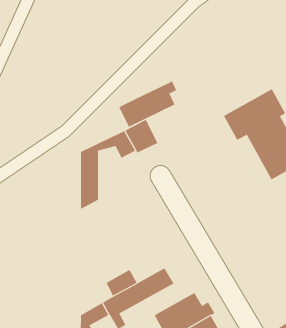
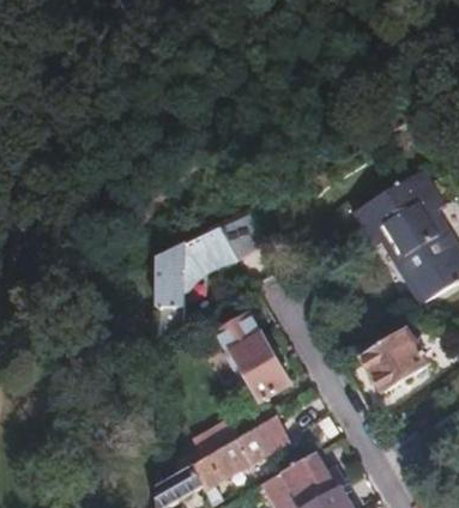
building: [119,80,177,128] -> none
building: none -> [213,314,286,401]
building: none -> [363,328,430,392]

